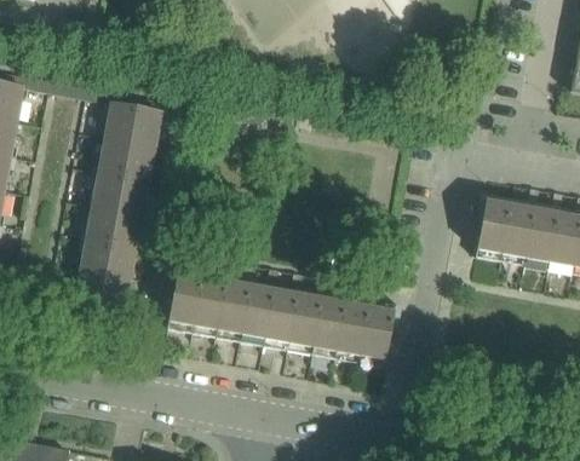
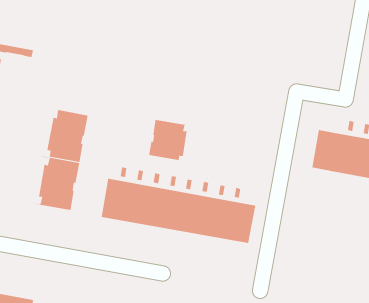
building: [65,81,160,177] -> none
building: none -> [149,119,191,161]

